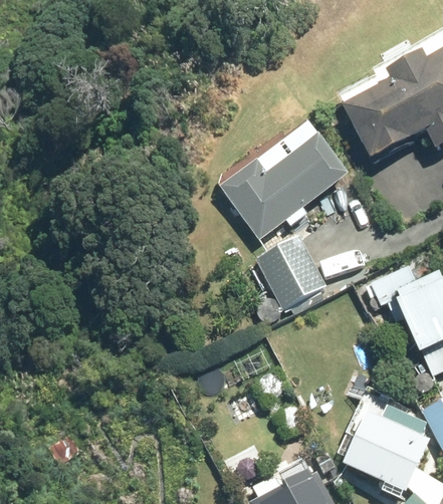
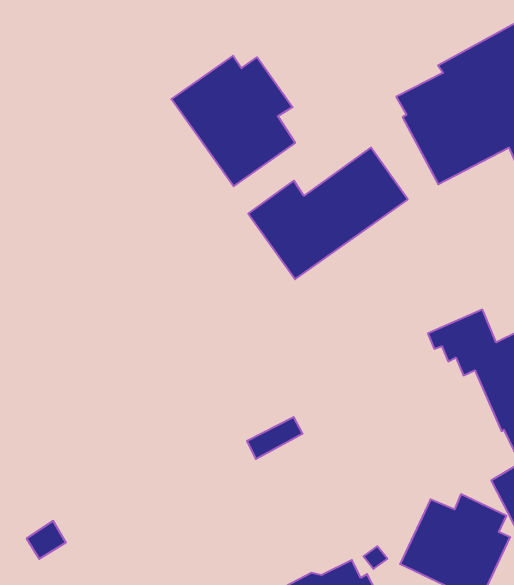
building: none -> [171,56,295,186]
building: [256,234,327,307] -> none

